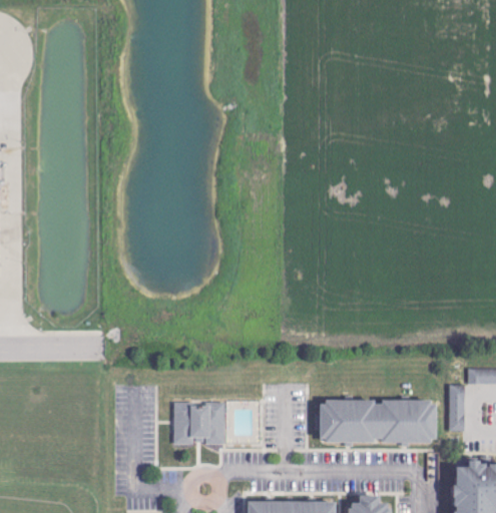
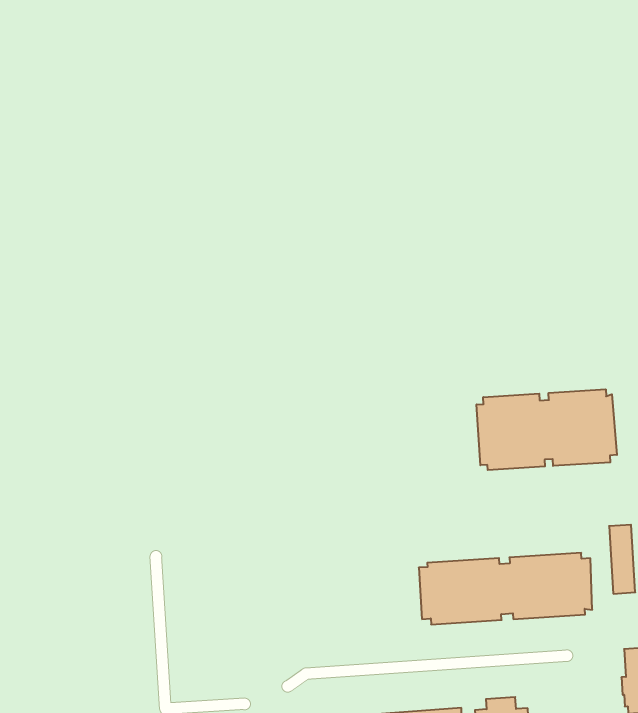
building: none -> [477,389,617,470]
building: [178,402,229,444] -> none

